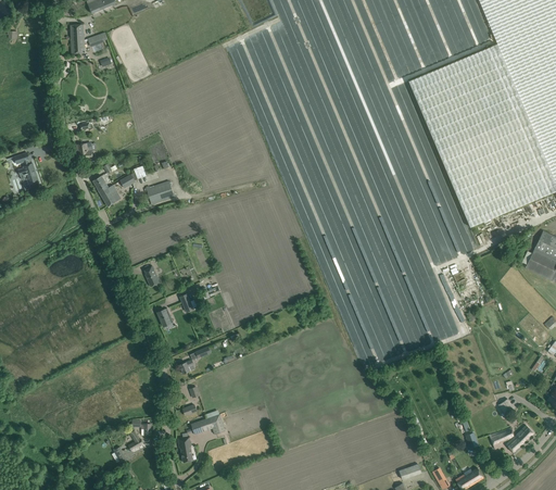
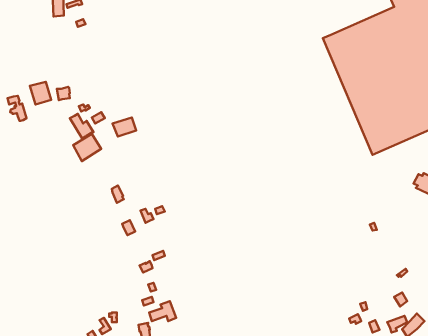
building: none -> [30,82,51,105]
building: none -> [73,134,101,161]

